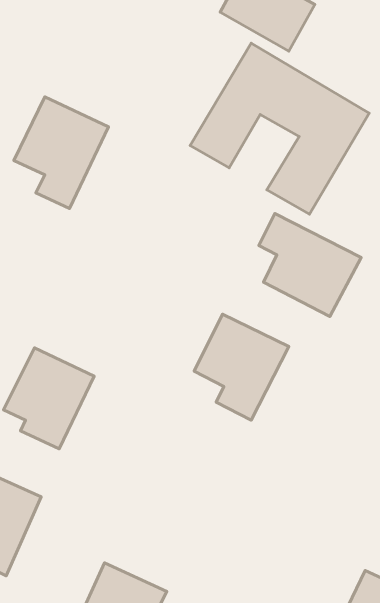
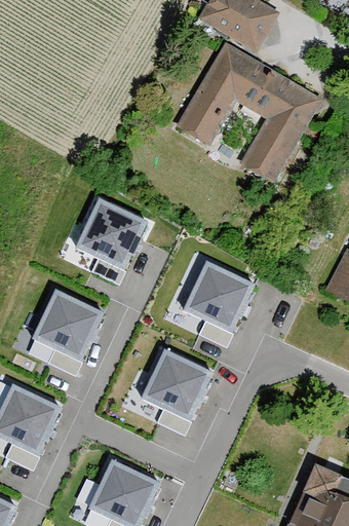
building: [14,97,108,208] -> [73,195,148,284]
building: [259,213,361,316] -> none
building: none -> [140,346,214,435]

